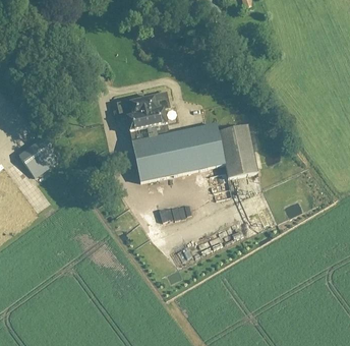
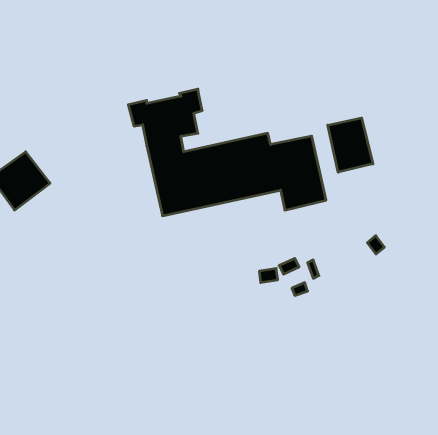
building: none -> [328,118,373,172]

